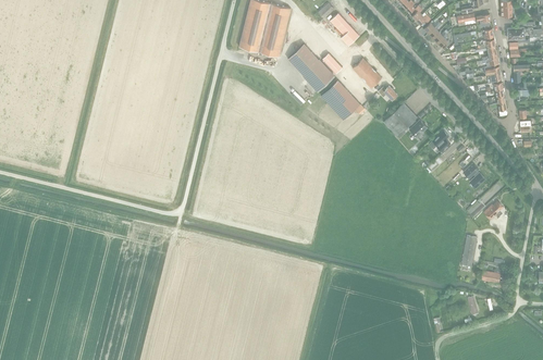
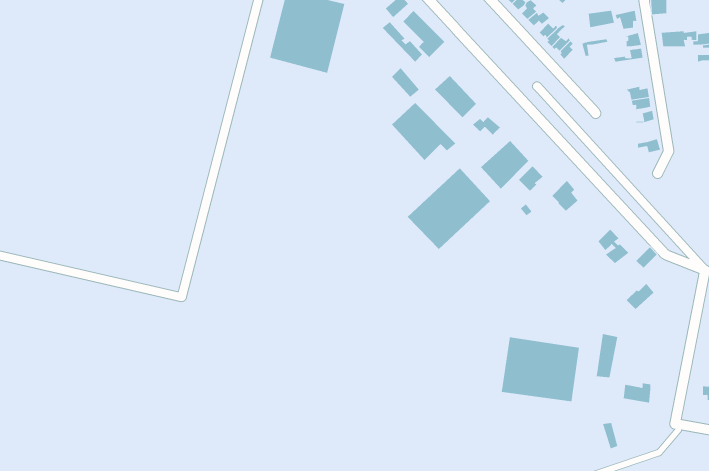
building: [287,44,333,90] -> none
building: none -> [407,167,491,250]
building: none -> [501,337,579,402]

